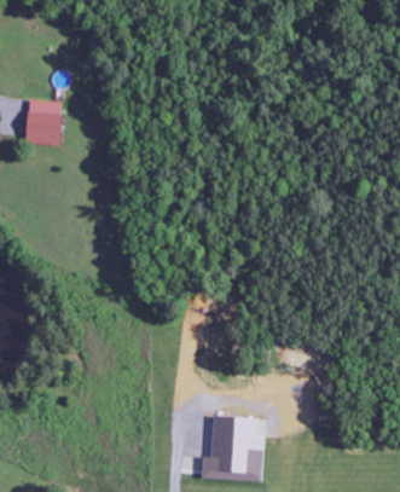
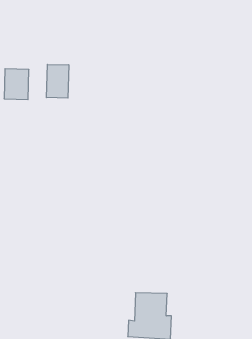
building: none -> [46,64,69,98]

